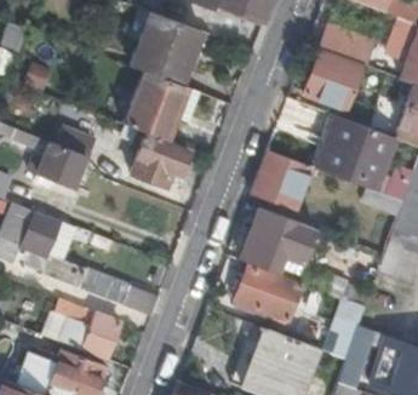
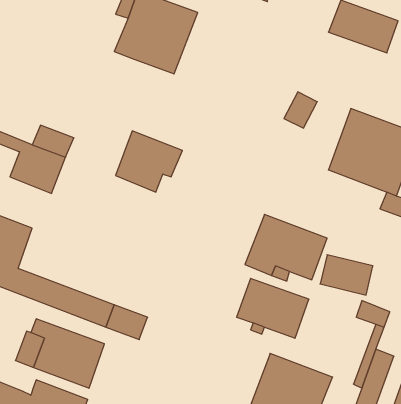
building: [304,55,361,111] -> none
building: [125,73,199,142] -> none
building: [251,151,310,211] -> none

